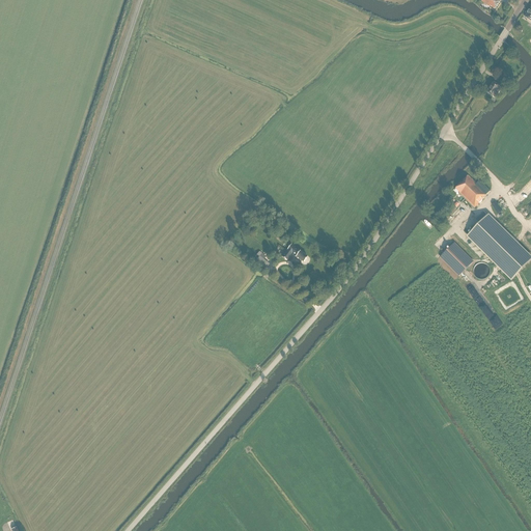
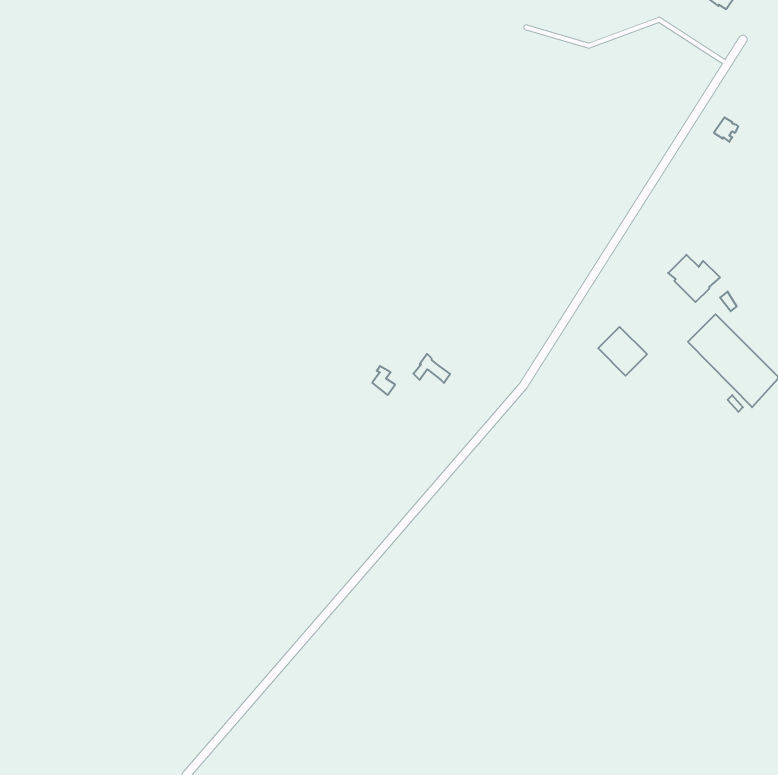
building: [439,241,472,274] -> [598,327,647,376]

